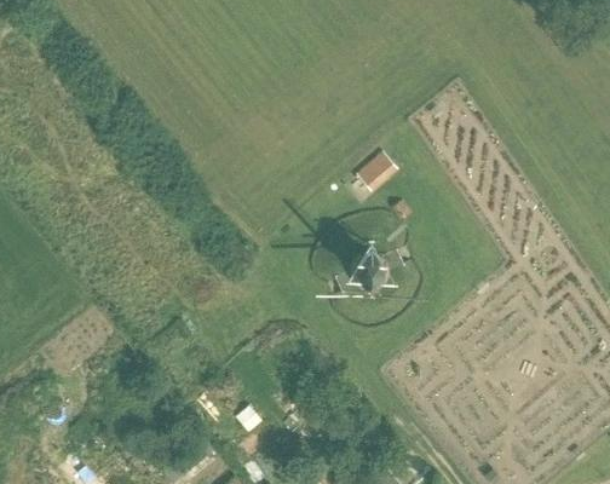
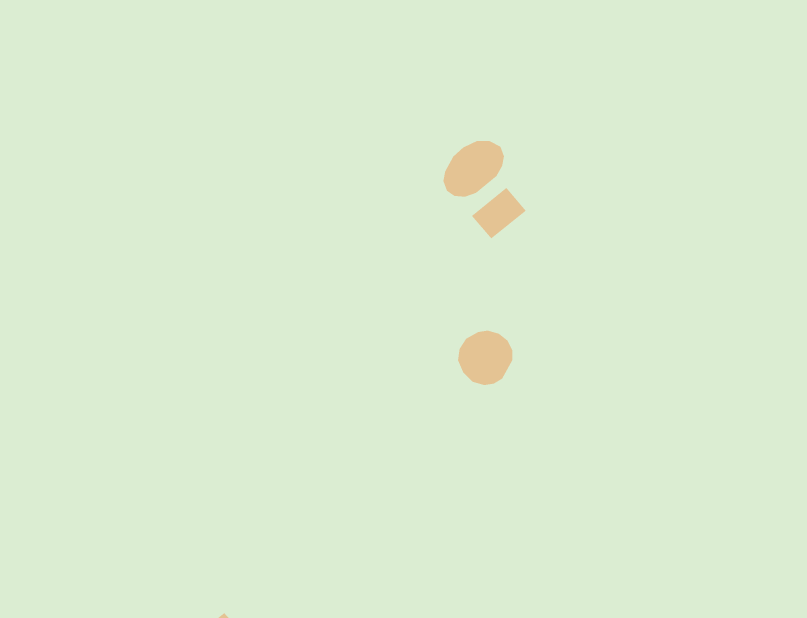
building: none -> [443,140,505,197]

